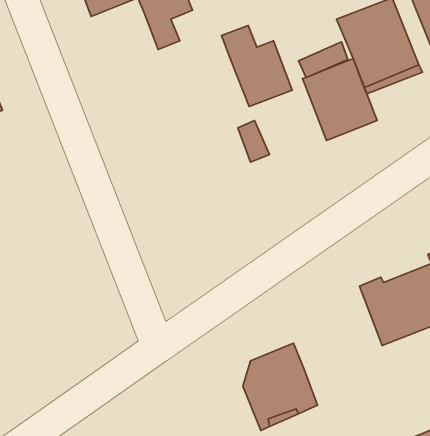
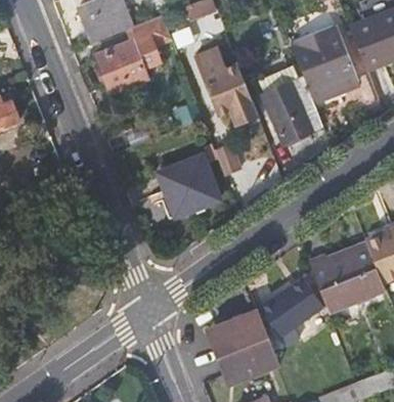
building: none -> [96,41,148,94]
building: none -> [158,152,221,219]
building: none -> [255,275,322,345]

